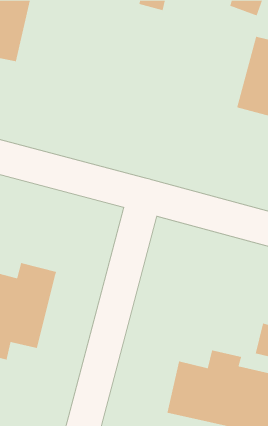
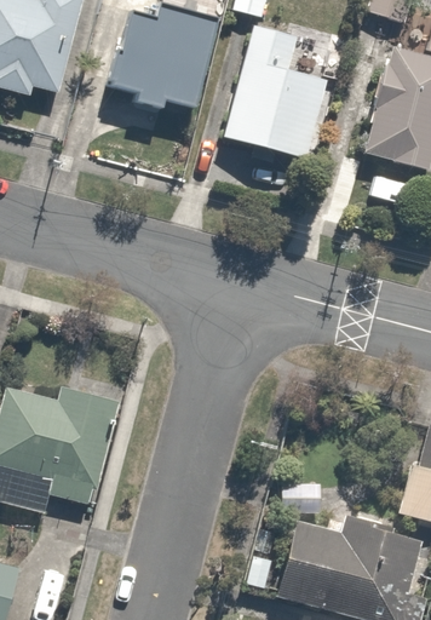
building: none -> [110,10,219,114]
building: none -> [219,25,327,160]

